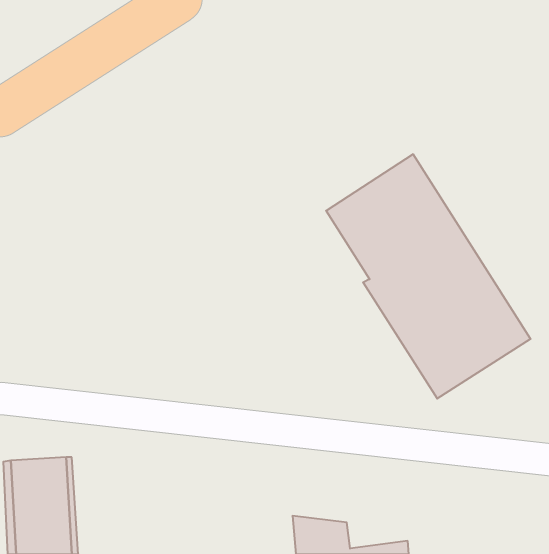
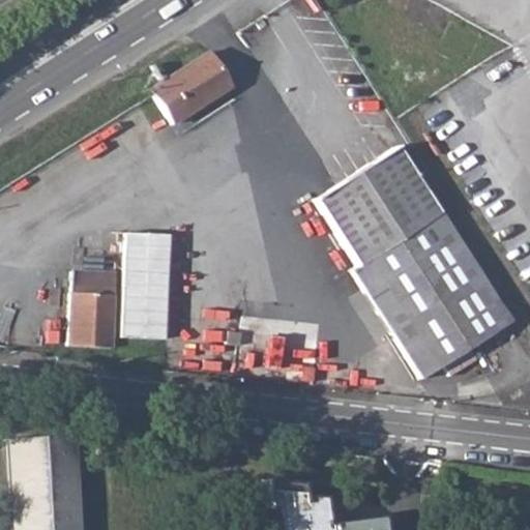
building: none -> [152,53,233,124]
building: none -> [126,231,175,338]
building: none -> [71,271,119,348]

